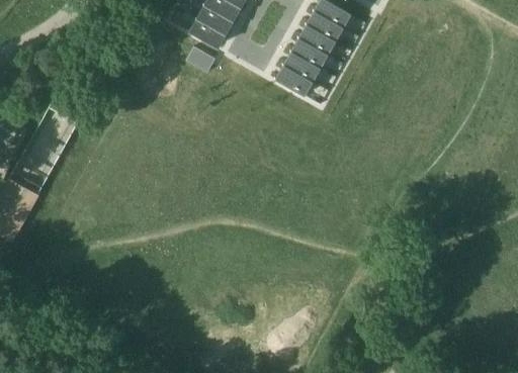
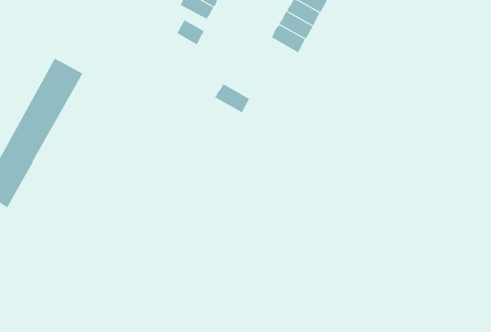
building: [274,65,313,96] -> [214,83,251,114]

